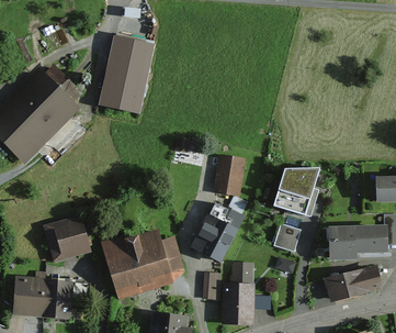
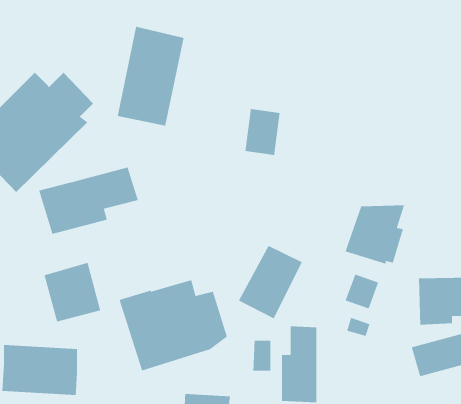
building: none -> [38,166,139,235]
building: [214,156,241,192] -> [244,108,280,156]

